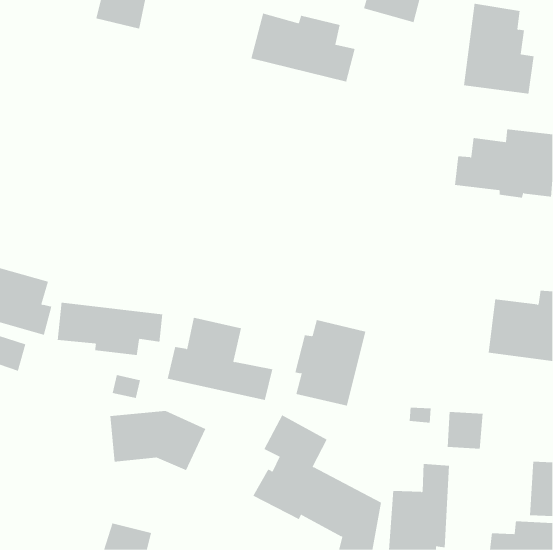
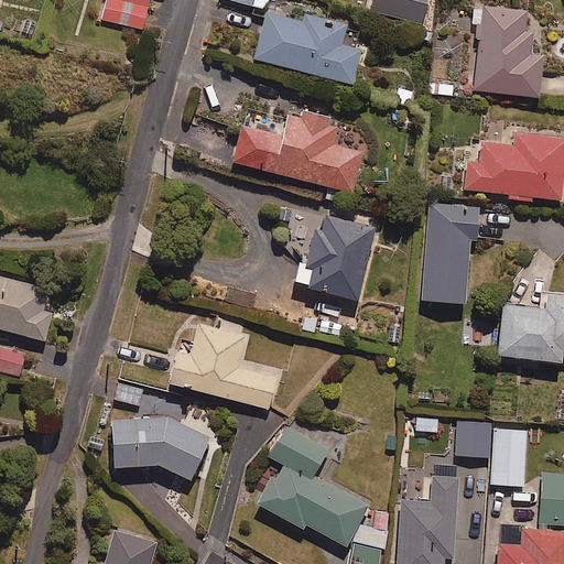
building: none -> [229,109,361,194]
building: none -> [421,203,479,304]
building: [57,302,163,356] -> none
building: [294,320,366,406] -> [305,215,378,303]
building: none -> [491,426,528,487]

